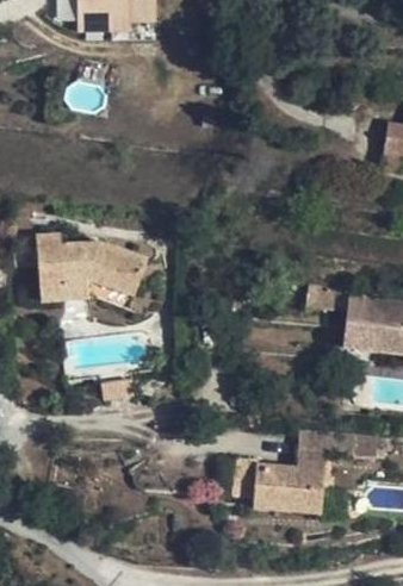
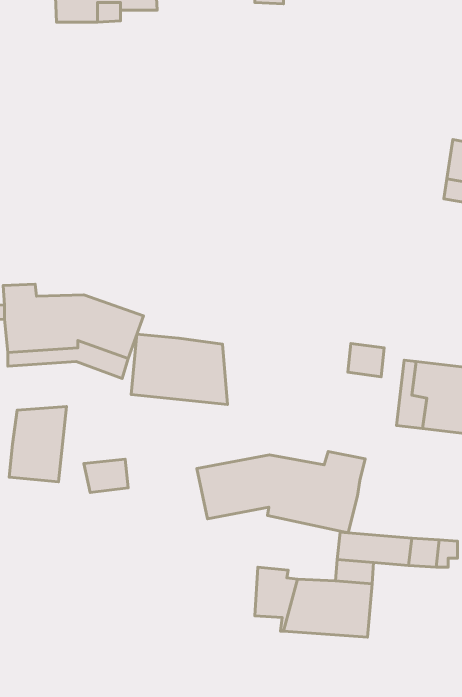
building: none -> [131,334,228,405]
building: none -> [9,407,66,482]
building: none -> [197,452,365,533]

